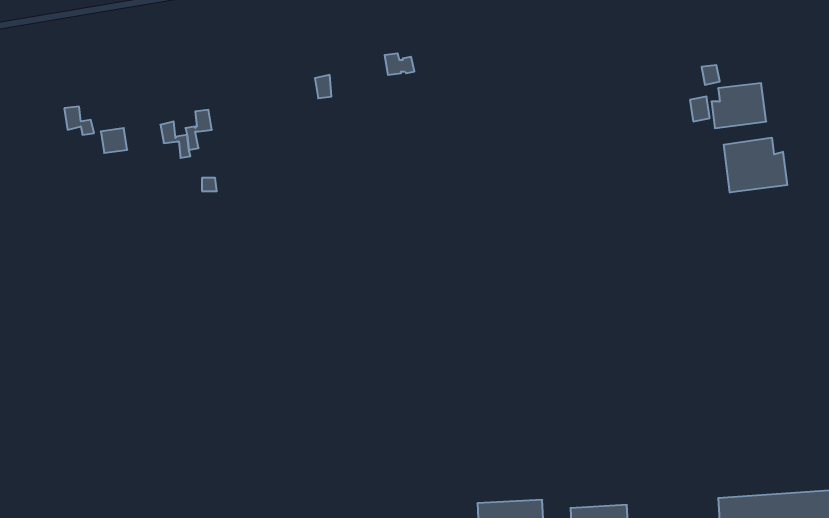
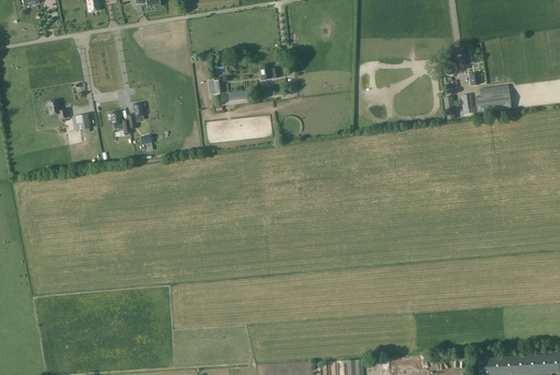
building: [724,138,787,193] -> none

